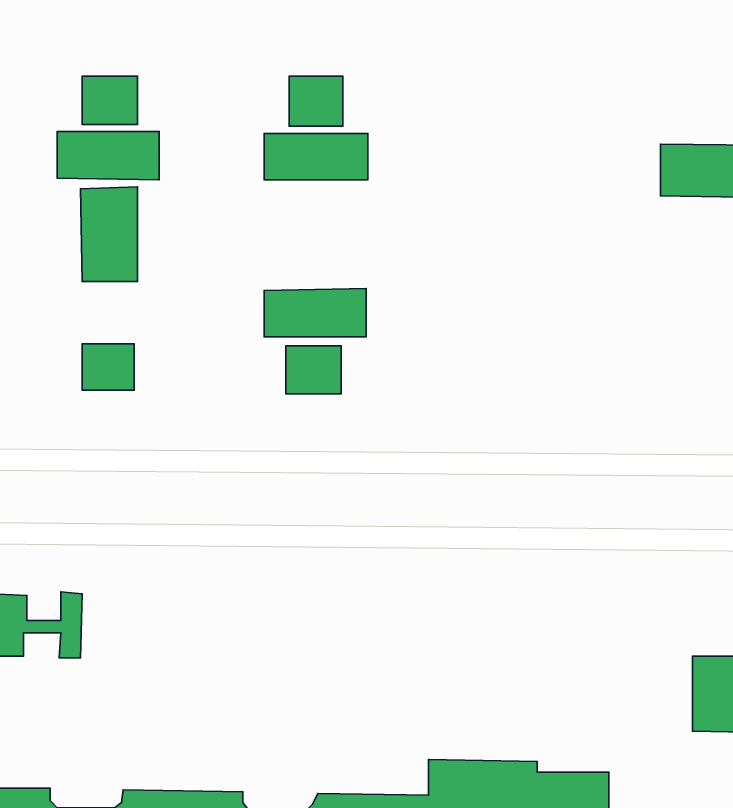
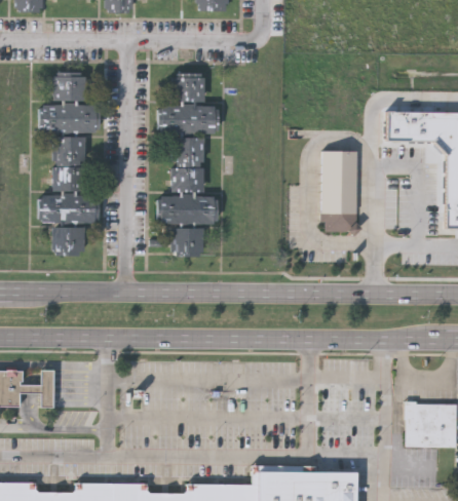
building: none -> [170,137,203,192]
building: none -> [321,150,357,233]
building: none -> [39,194,99,221]

